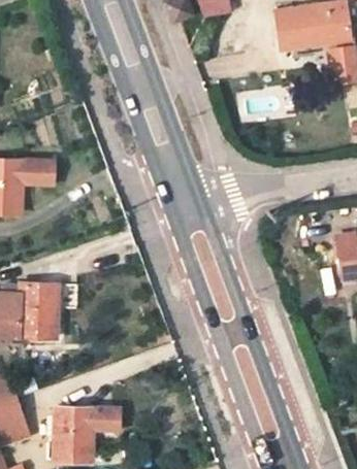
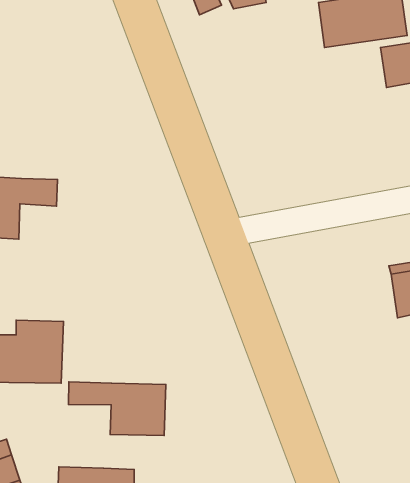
building: none -> [68,382,166,436]

